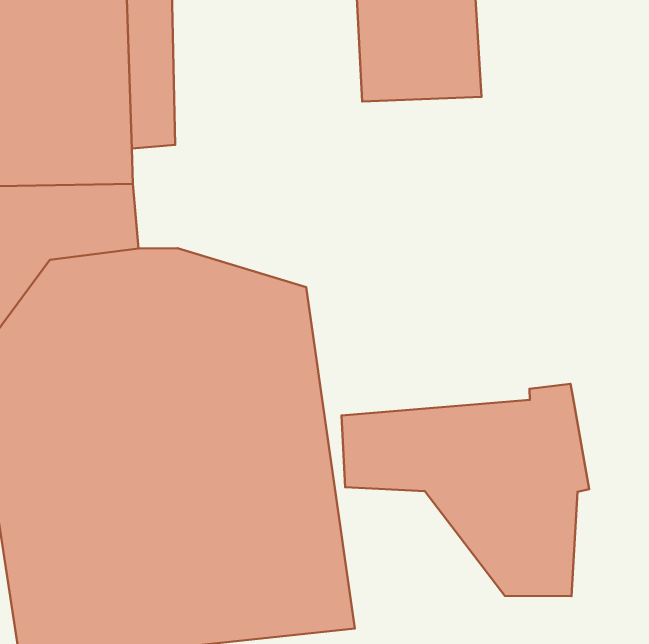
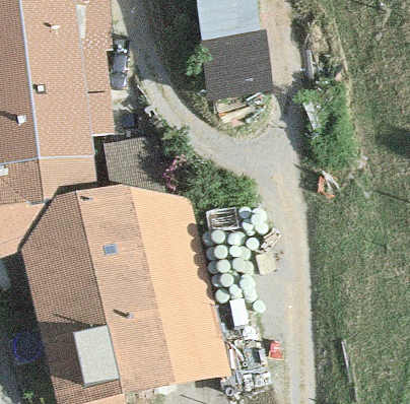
building: [342,384,589,596] -> none

